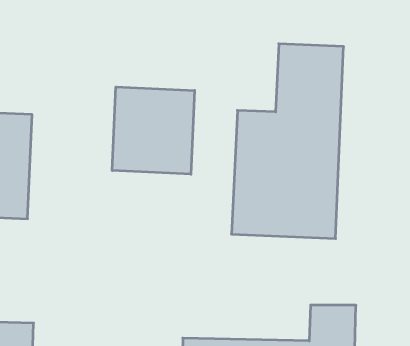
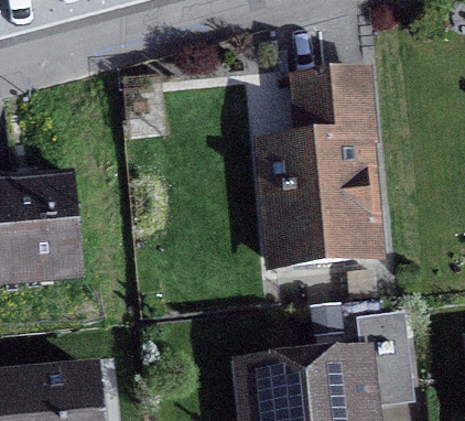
building: [112,87,195,174] -> none

